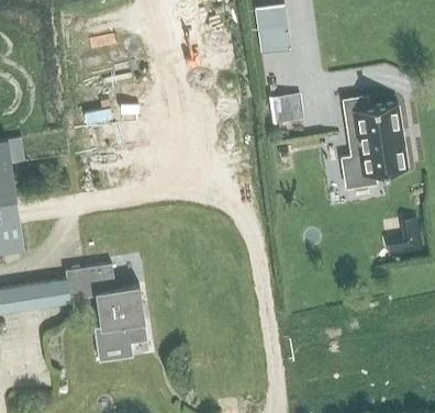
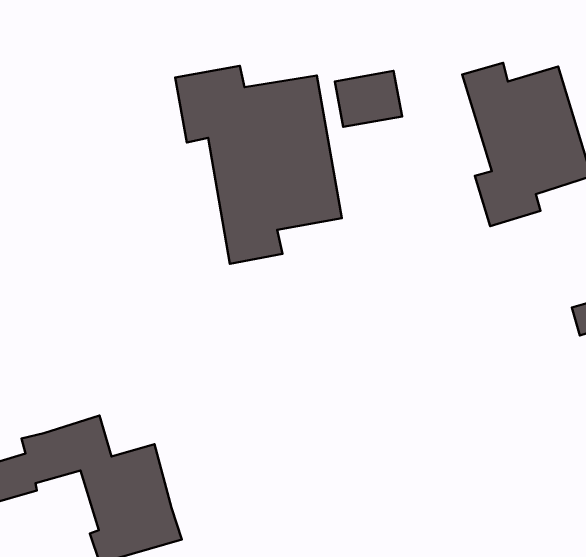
building: none -> [175,66,342,264]

